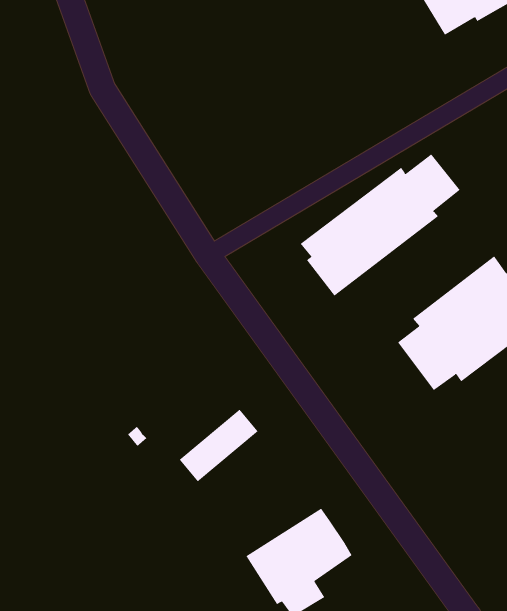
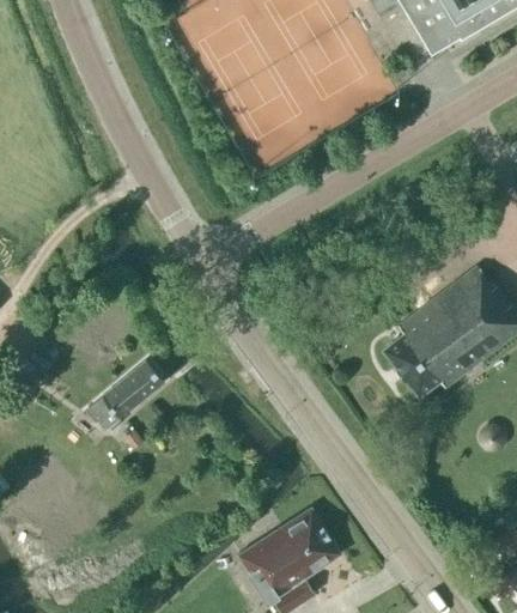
building: [300,153,461,297] -> none
building: [179,409,258,482] -> [89,359,165,430]

